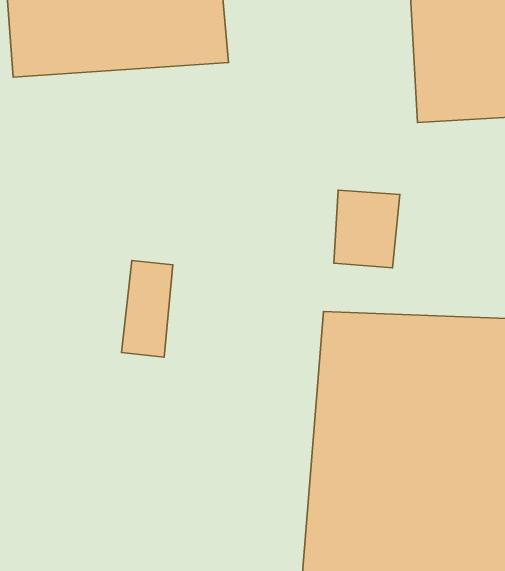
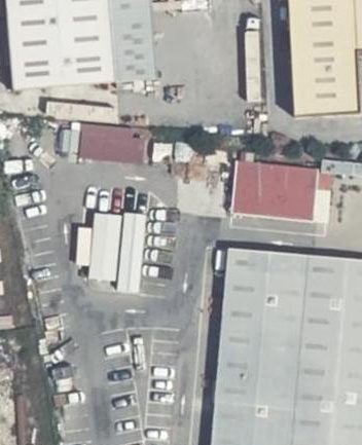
building: none -> [80,122,147,164]
building: none -> [277,165,324,220]
building: none -> [114,212,147,297]

